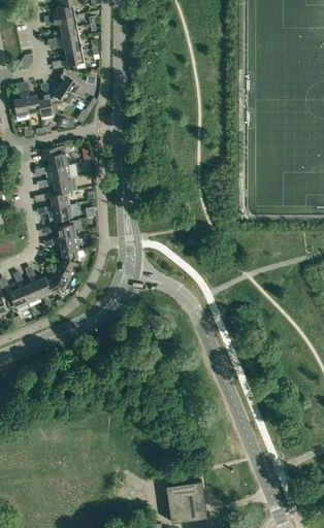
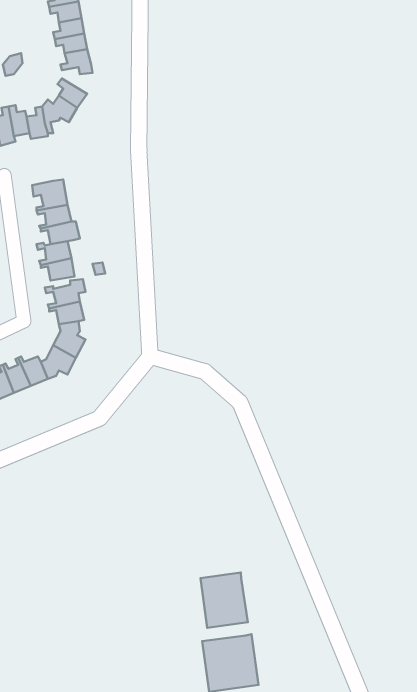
building: none -> [201,573,248,628]

